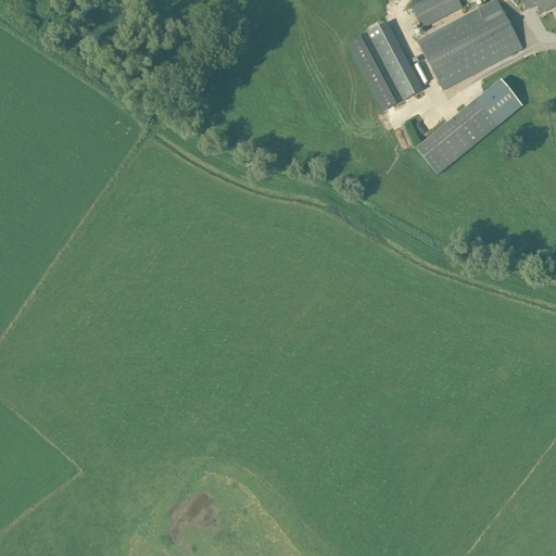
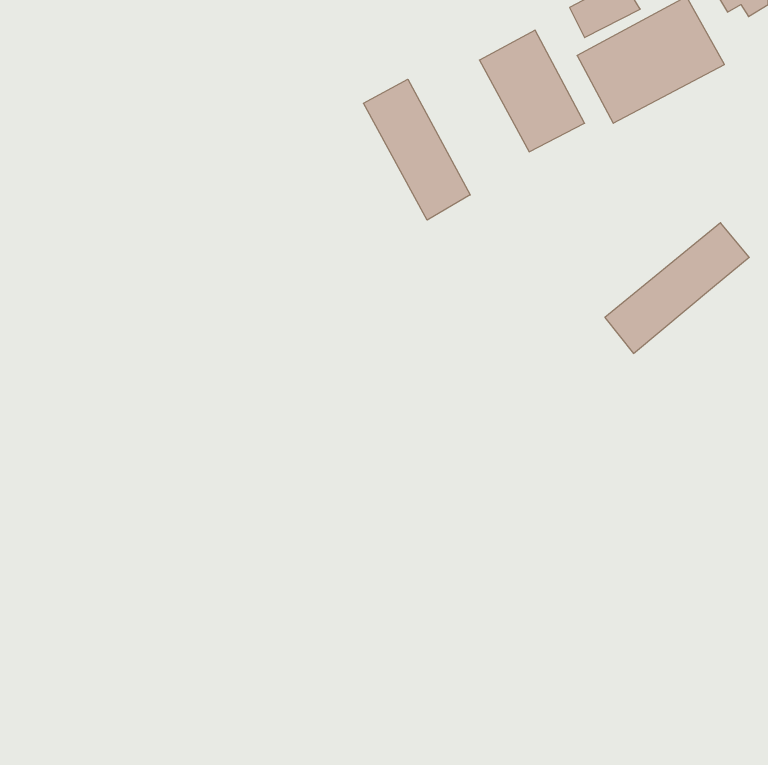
building: none -> [363,79,470,220]
building: [417,79,521,174] -> [605,223,749,353]

